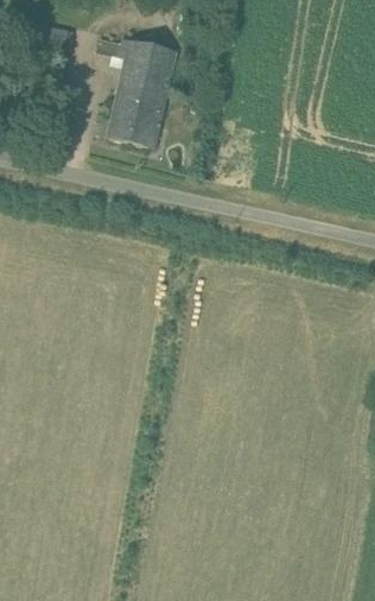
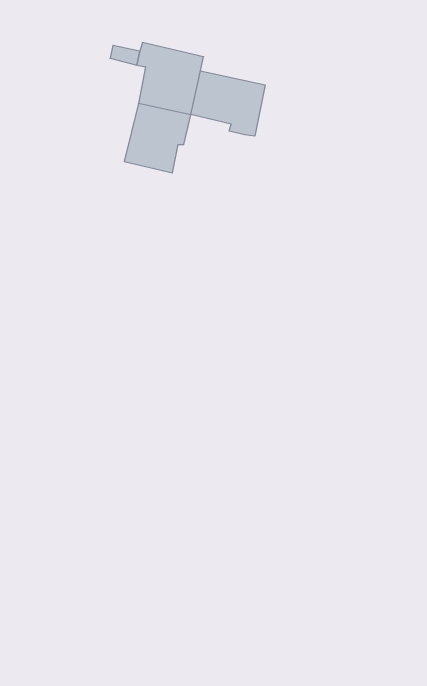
building: none -> [191,71,265,136]

